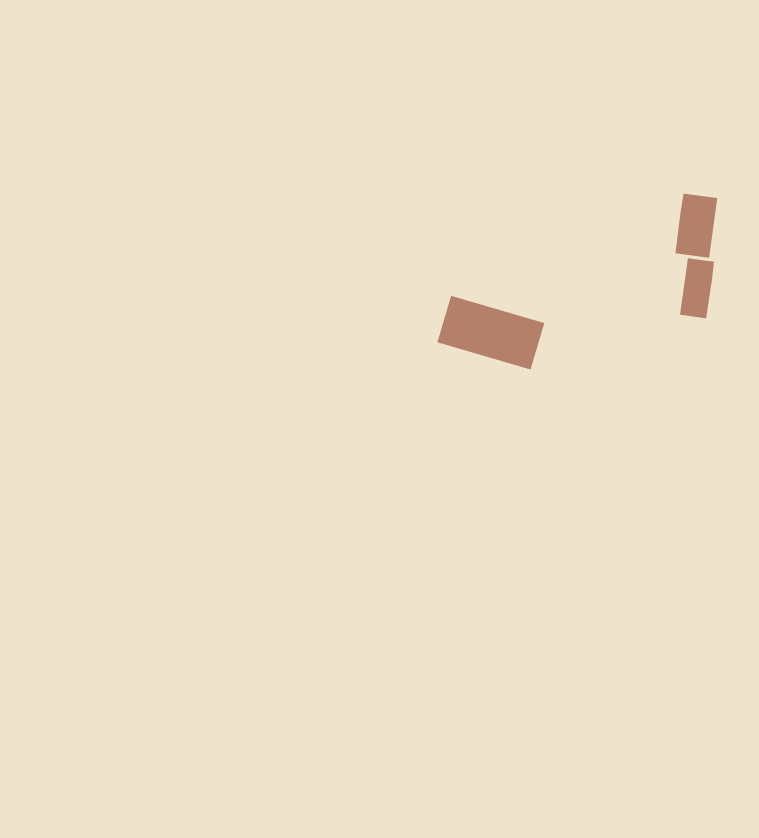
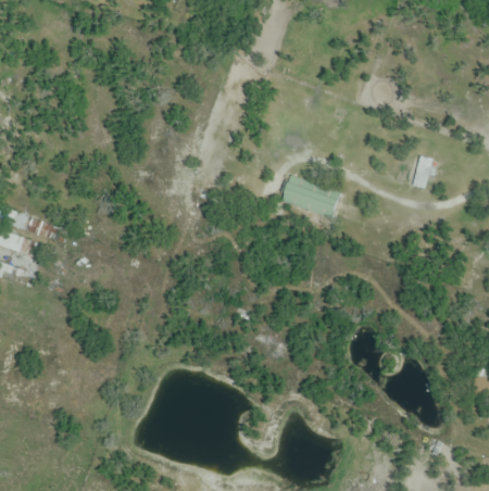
building: [675,193,718,258] -> none

